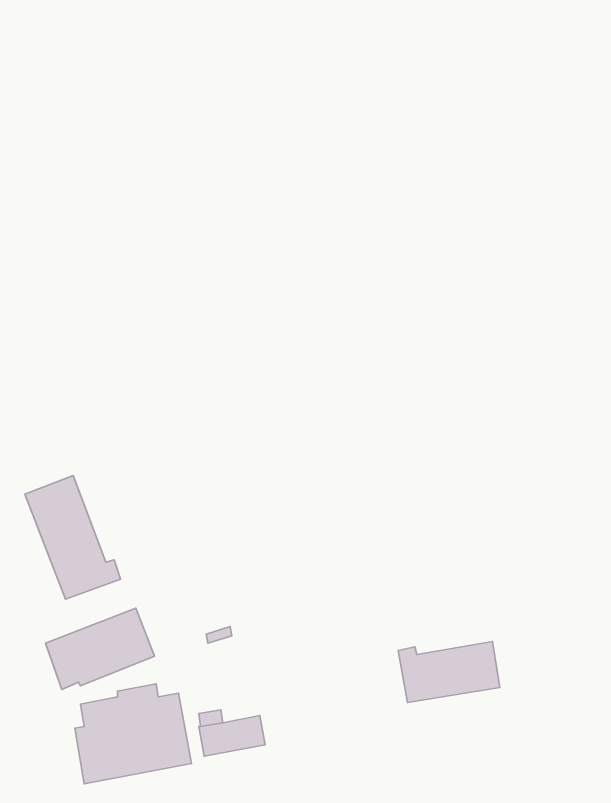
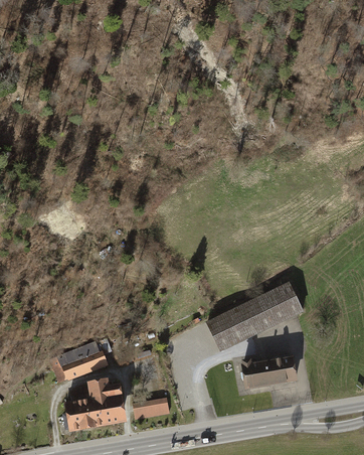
building: [25,475,120,599] -> none
building: none -> [204,283,301,352]

